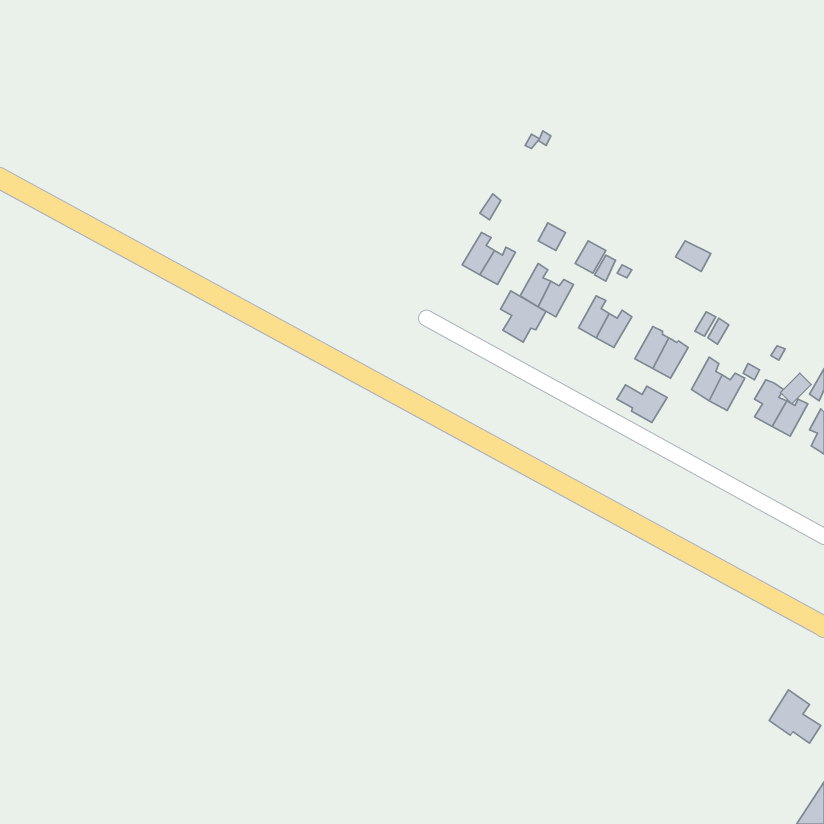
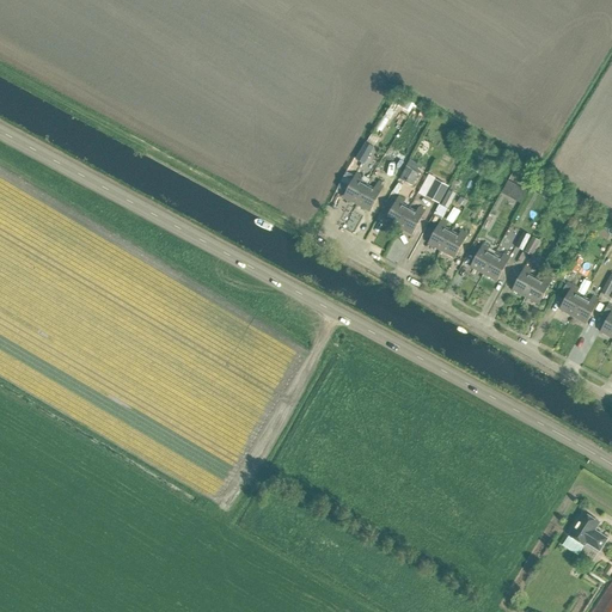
building: [501,291,546,342] -> none
building: [617,385,667,422] -> none

